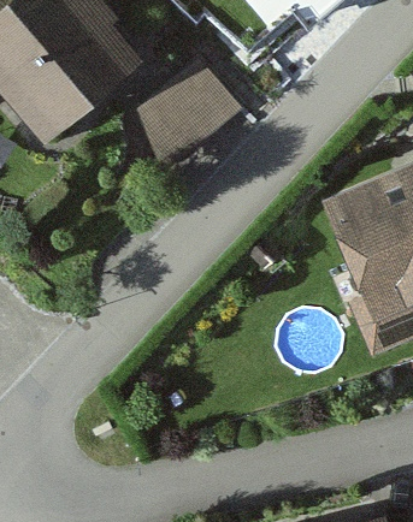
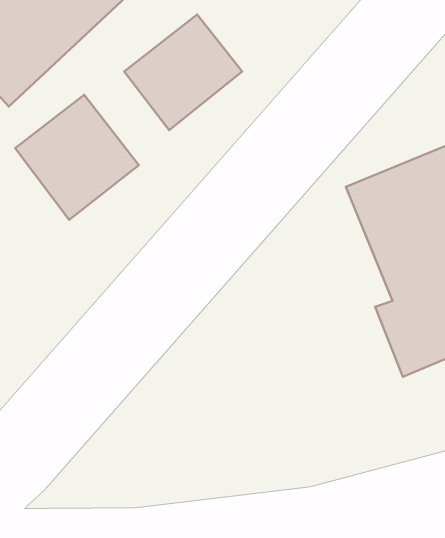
building: none -> [15,95,139,220]

